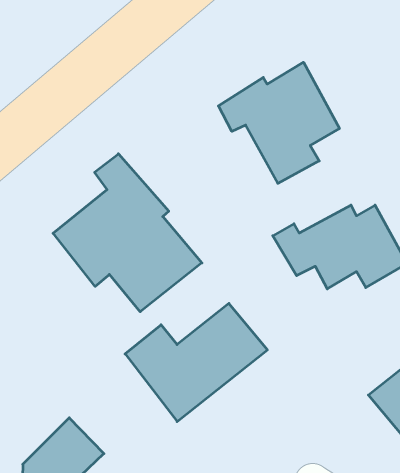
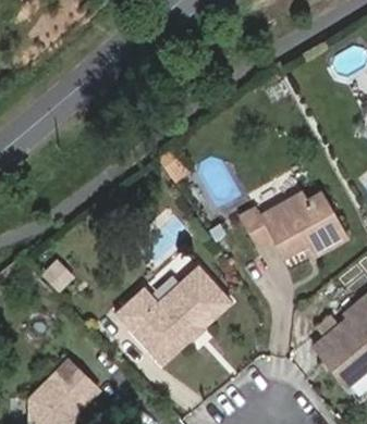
building: [218,62,339,183] -> none
building: [53,154,202,312] -> none

